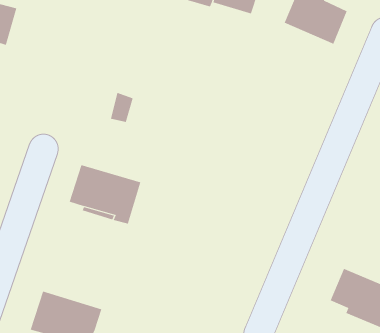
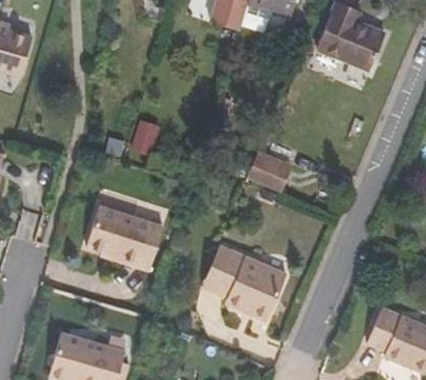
building: none -> [247,152,291,191]
building: none -> [214,249,287,319]

